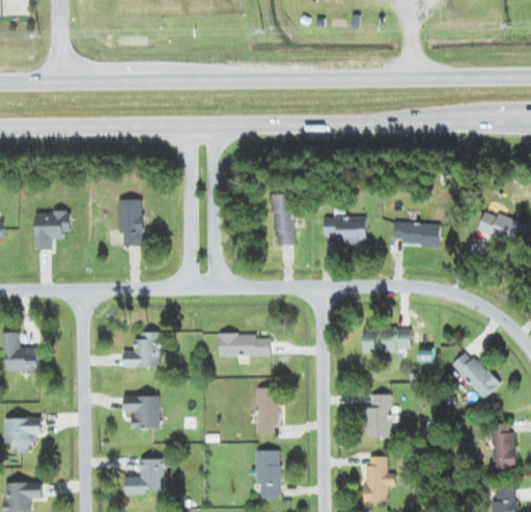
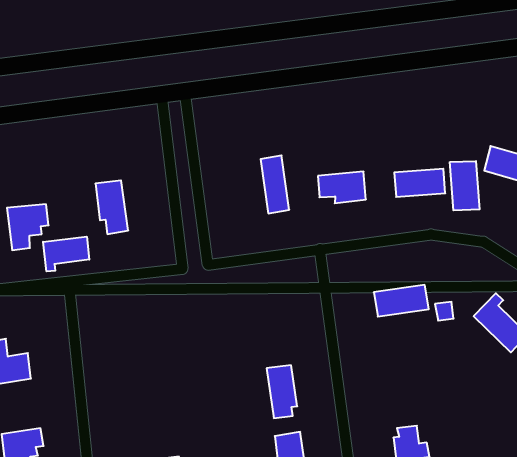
building: none -> [450,161,480,210]
building: none -> [43,237,89,271]
building: [218,334,271,357] -> none
building: [122,339,161,368] -> none
building: [123,395,159,429] -> none
building: [363,395,391,437] -> none

